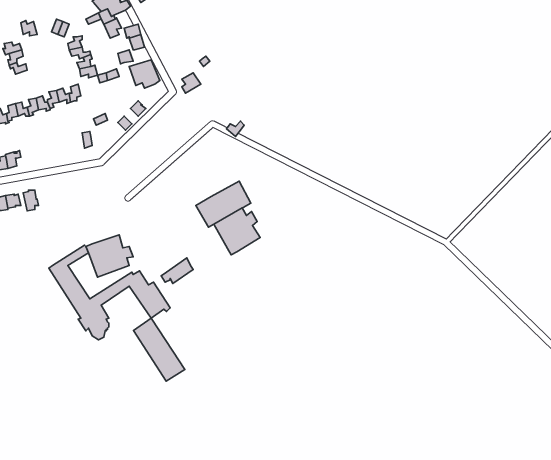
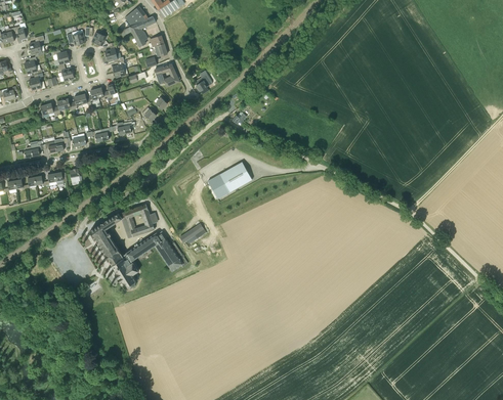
building: [214,208,260,255] -> none
building: [134,318,185,381] -> none

